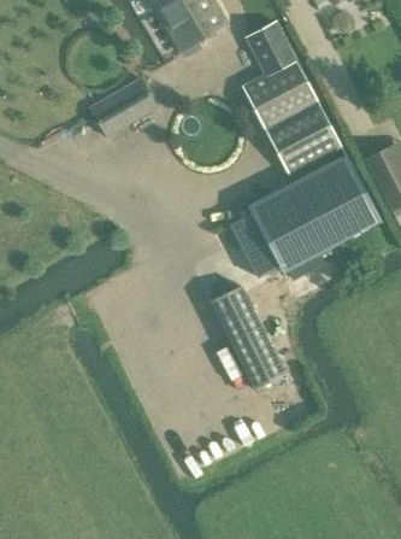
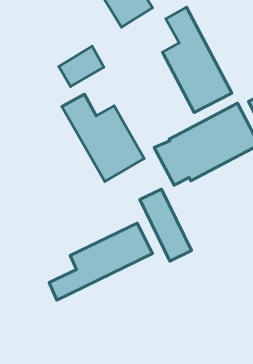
building: none -> [62,94,144,181]
building: none -> [49,223,153,300]

